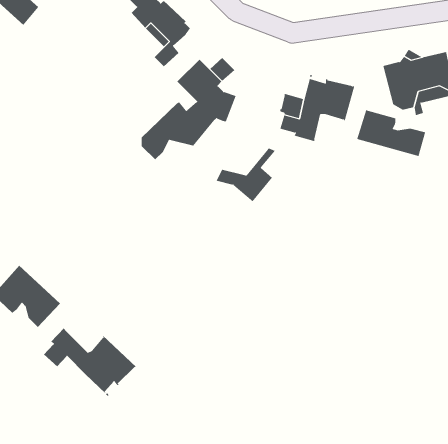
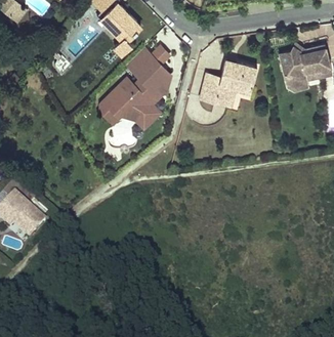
building: [357,109,426,157] -> none
building: [216,148,276,202] -> [119,91,162,130]
building: [43,327,137,397] -> none

